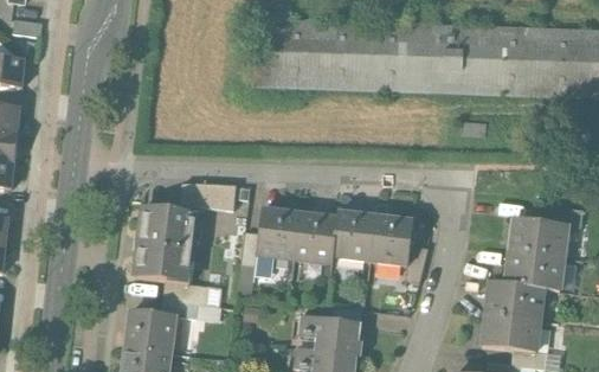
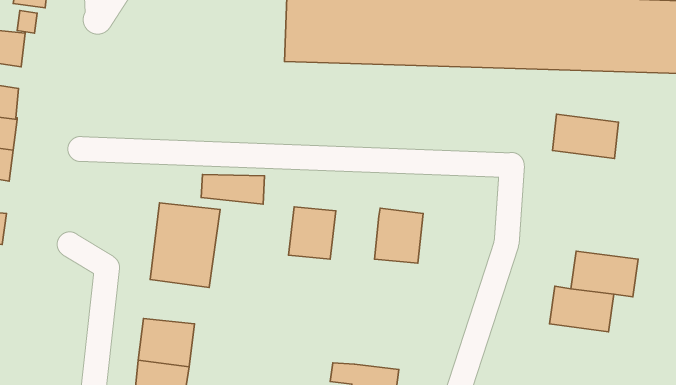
building: [294,216,336,263] -> none
building: [371,218,412,267] -> none
building: [510,219,568,258] -> [553,114,618,158]
building: [481,315,541,353] -> none
building: [298,316,358,355] -> none

